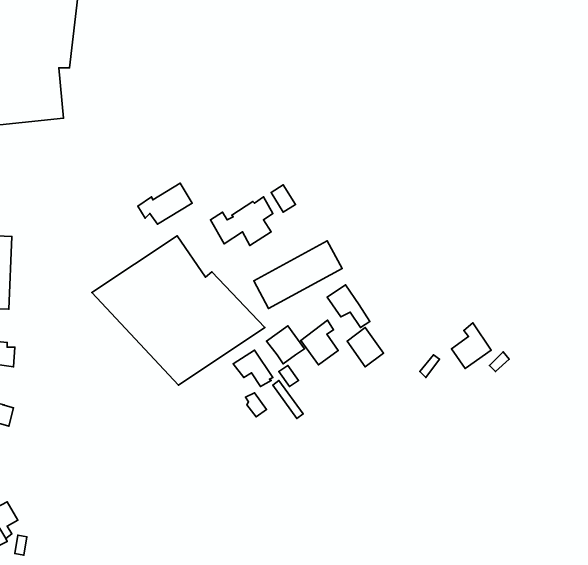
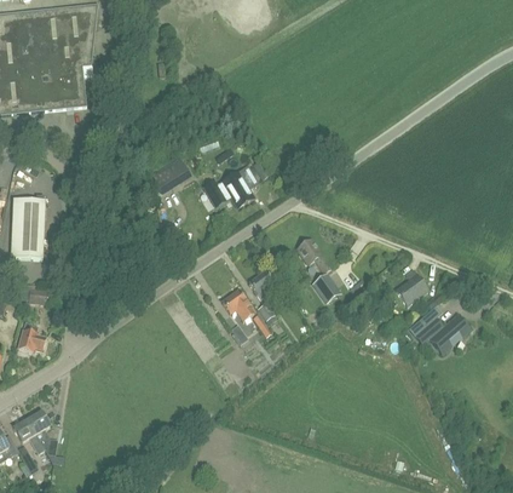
building: [92,236,265,385] -> none
building: [254,241,342,308] -> none
building: [301,320,338,365] -> none
building: none -> [409,315,467,352]

